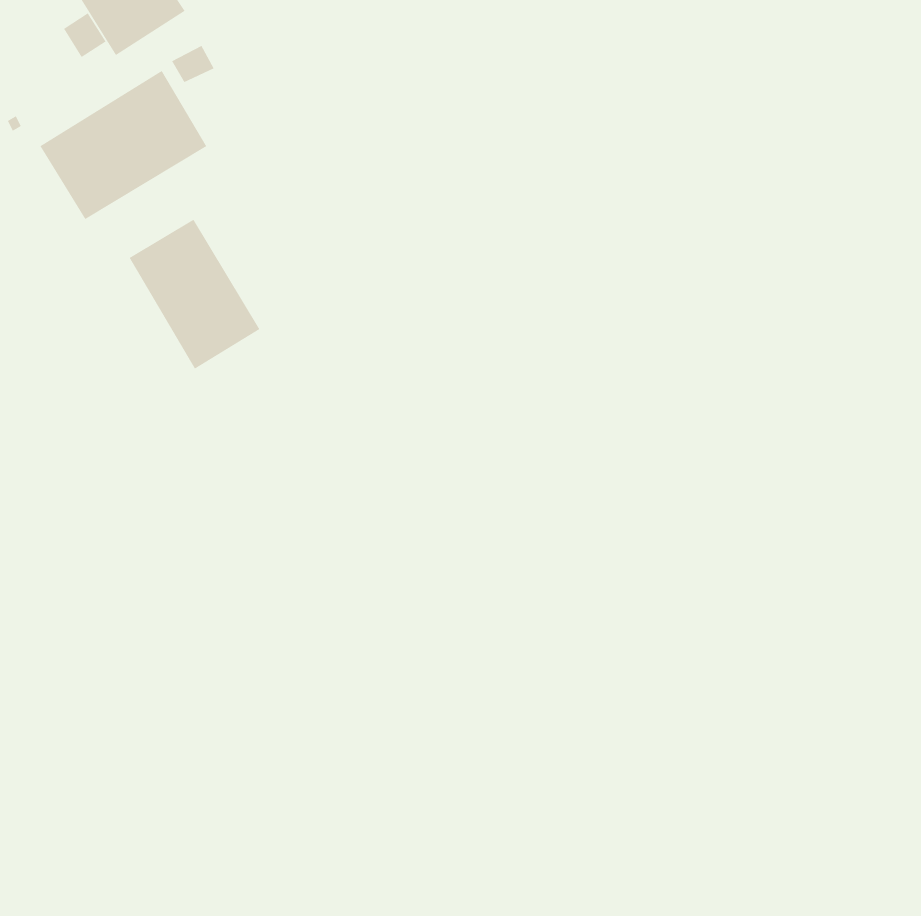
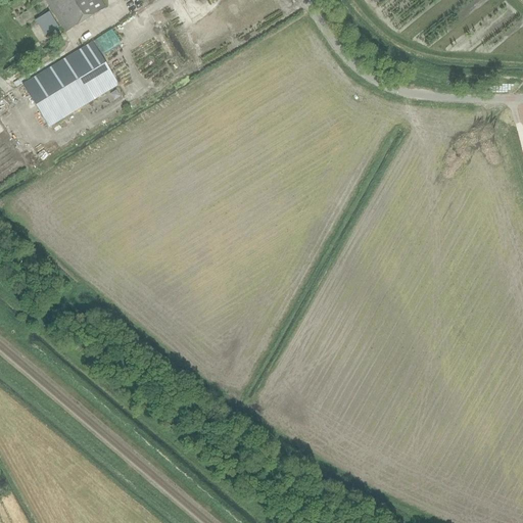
building: [129,219,260,369] -> none

